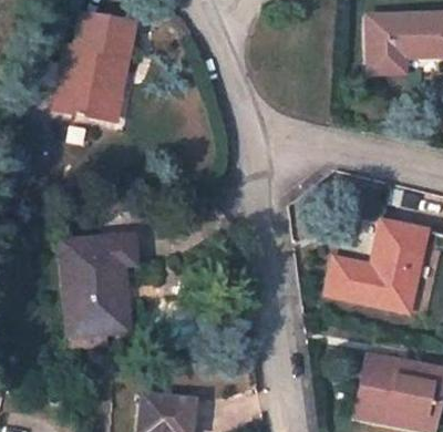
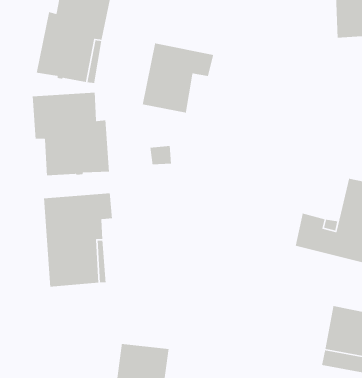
building: none -> [142,42,214,113]
building: none -> [32,92,110,176]

